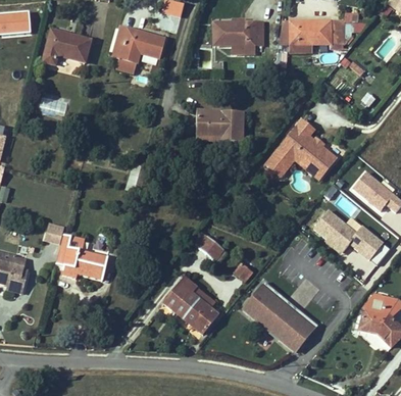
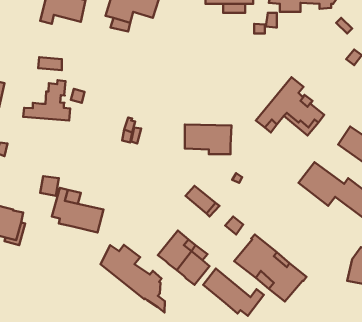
building: [196,110,244,141] -> [185,125,231,154]
building: none -> [23,80,70,121]
building: none -> [100,245,165,312]
building: none -> [203,269,264,316]

